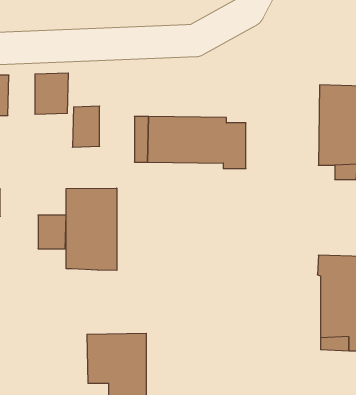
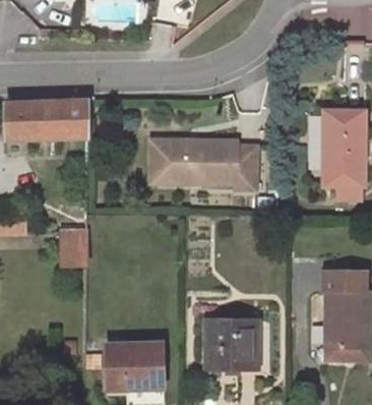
building: [72,106,100,147] -> [33,100,58,138]
building: [66,188,117,270] -> none
building: none -> [206,322,257,368]

